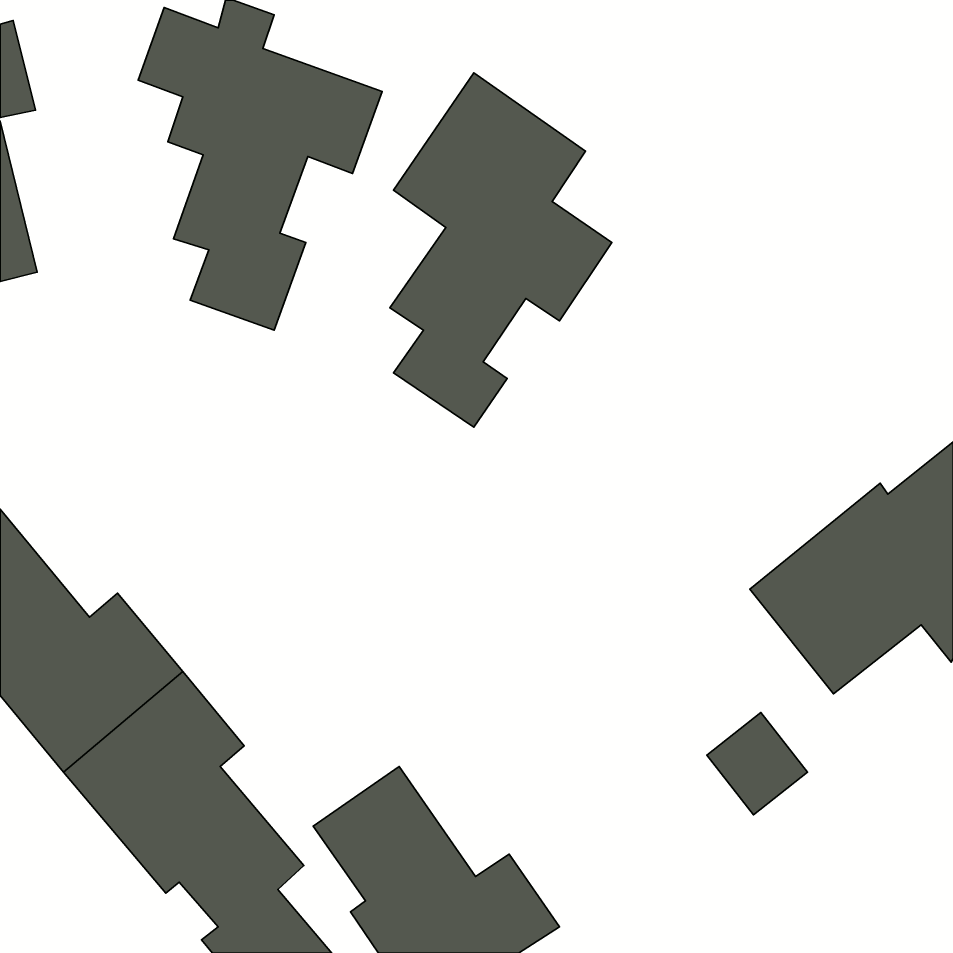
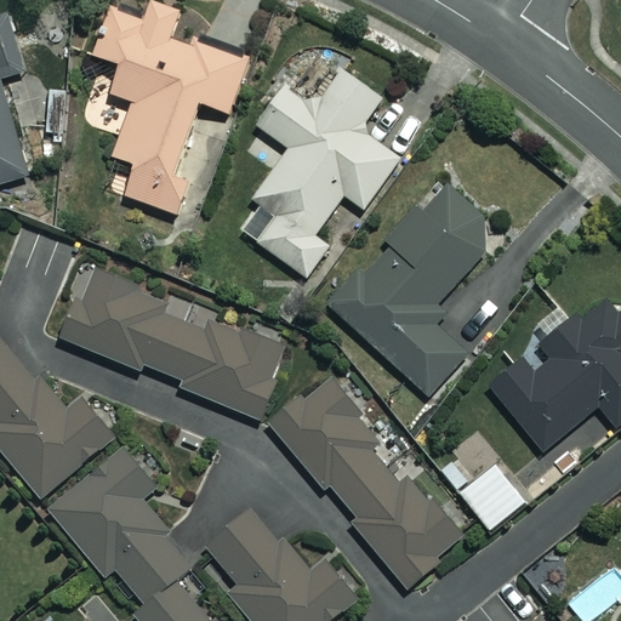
building: none -> [332,183,502,397]
building: none -> [56,264,287,418]
building: none -> [267,375,463,586]

